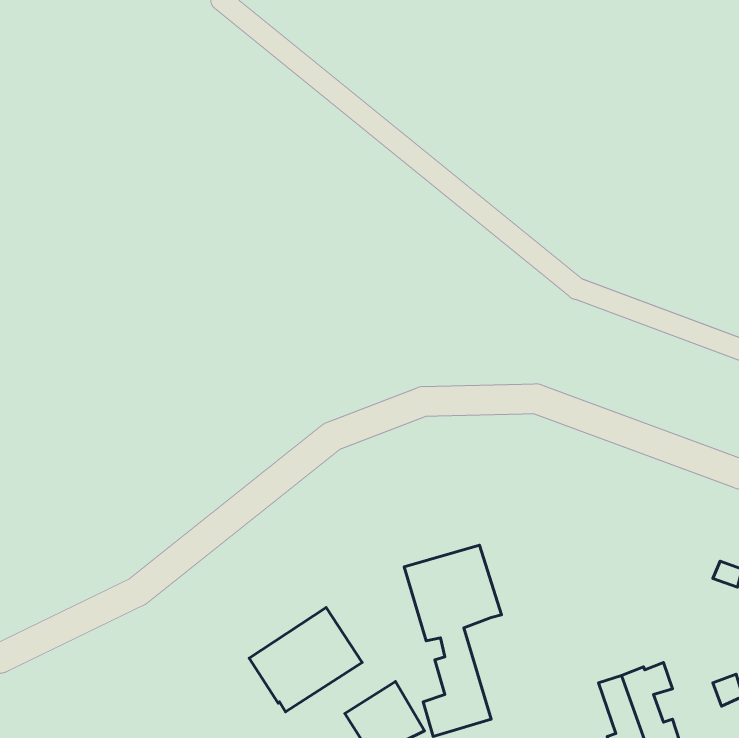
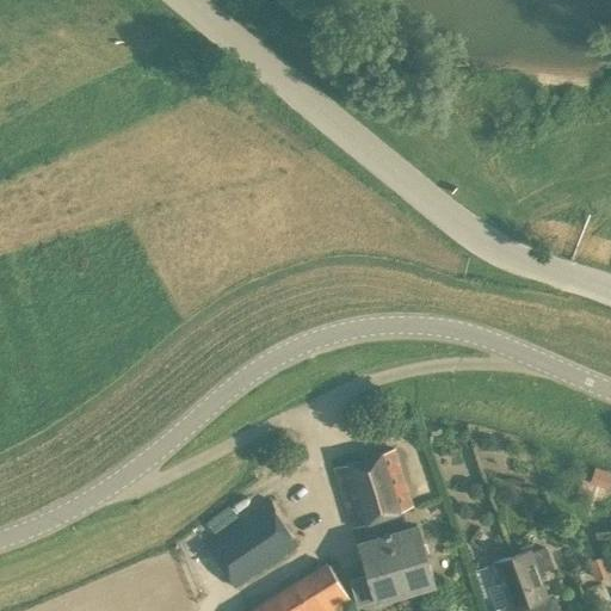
building: none -> [383,511,434,594]

